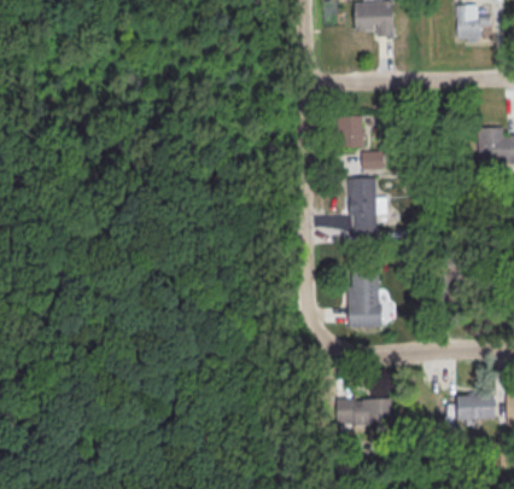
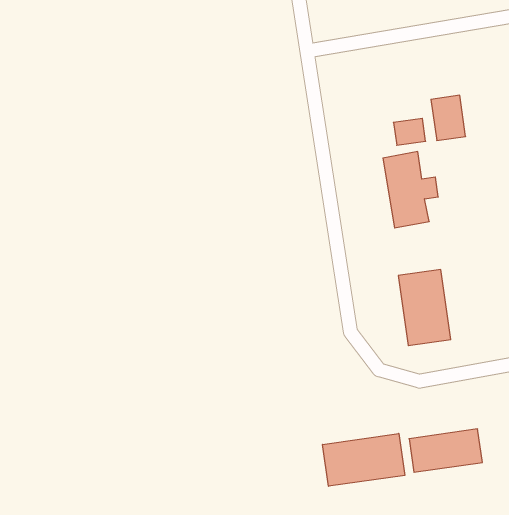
building: [341,113,364,146] -> [431,95,466,140]
building: none -> [323,433,405,486]

